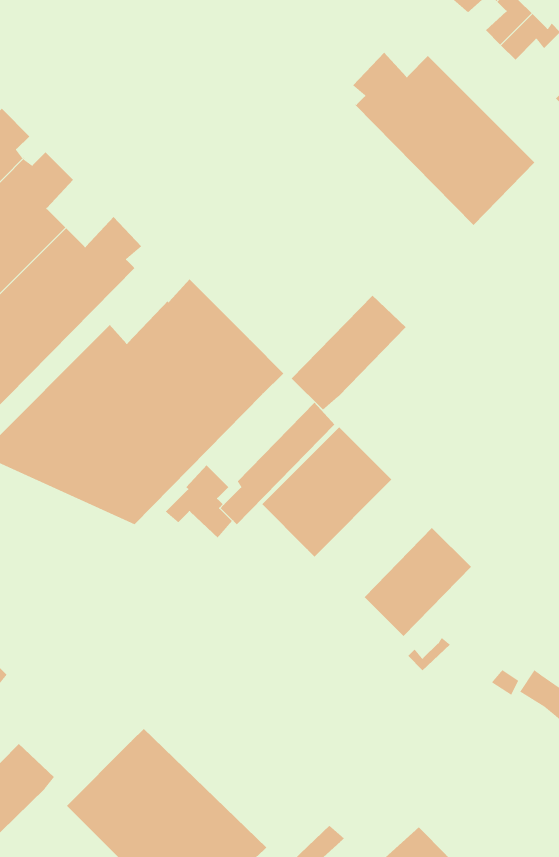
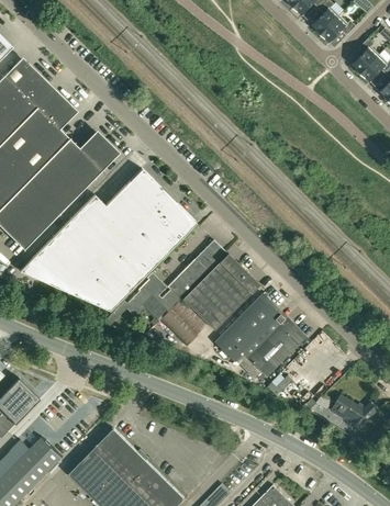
building: [352,52,535,226] -> none
building: [291,295,407,411] -> [214,294,281,361]
building: none -> [160,300,209,348]

